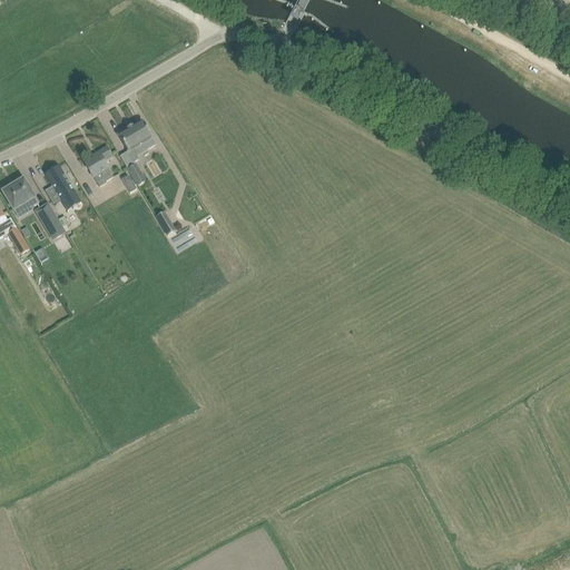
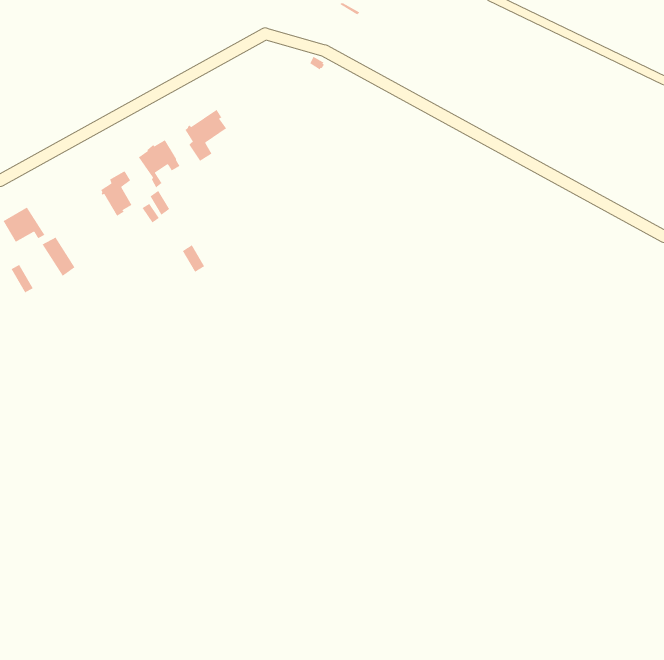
building: none -> [184,109,227,162]
building: [46,166,81,212] -> none

